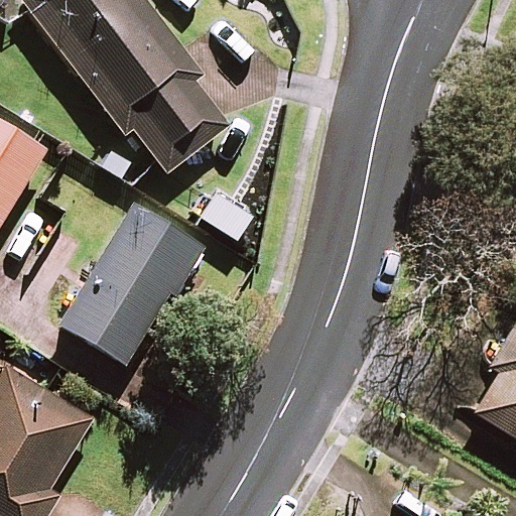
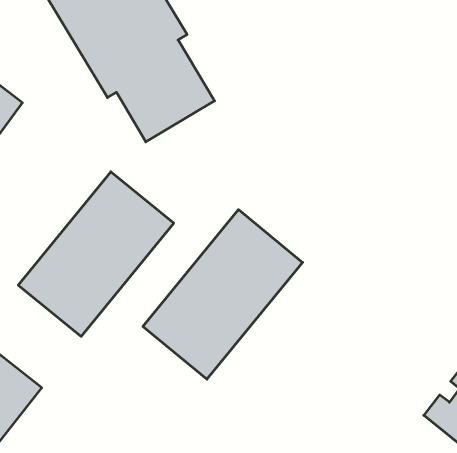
building: none -> [143,210,303,379]

